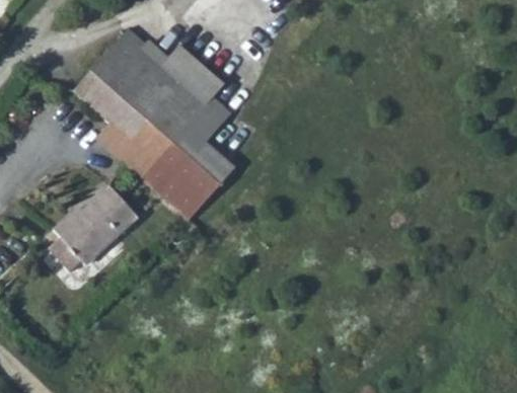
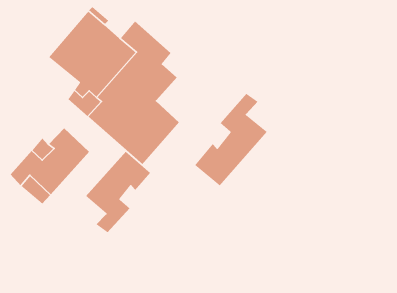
building: none -> [194,93,268,187]
building: none -> [85,151,151,233]

